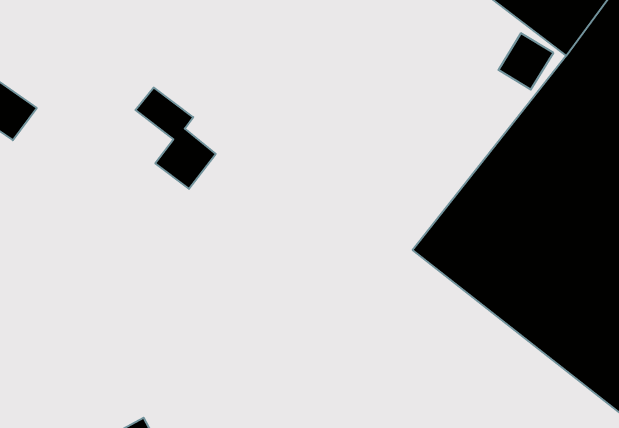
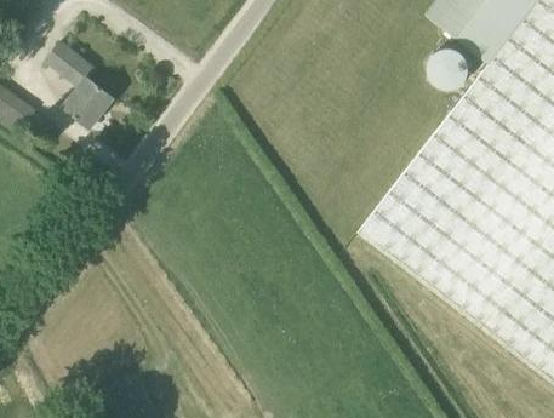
building: [135,88,216,189] -> [45,42,114,130]

